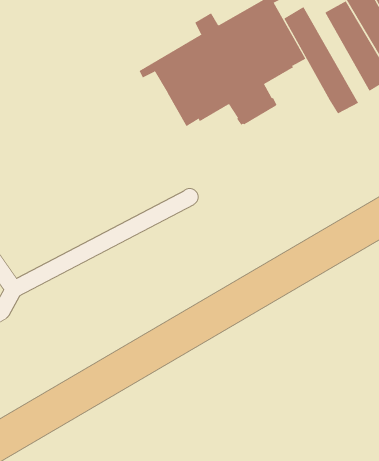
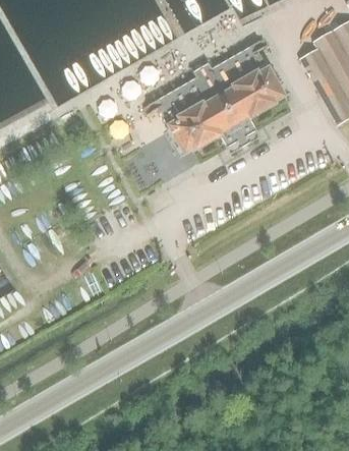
building: [284,6,359,114] -> none

